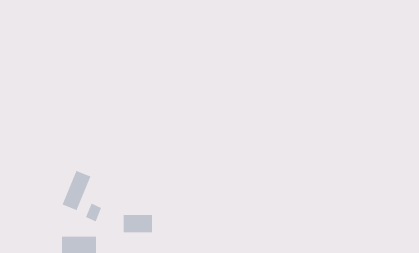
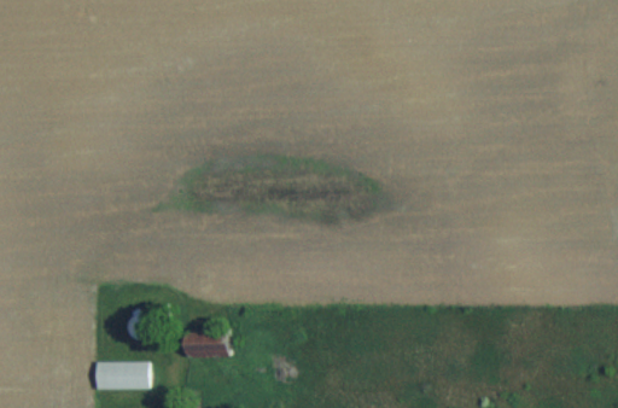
building: [62,170,91,211] -> none

